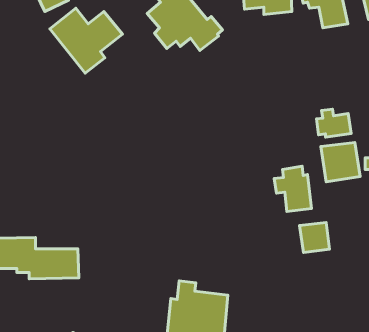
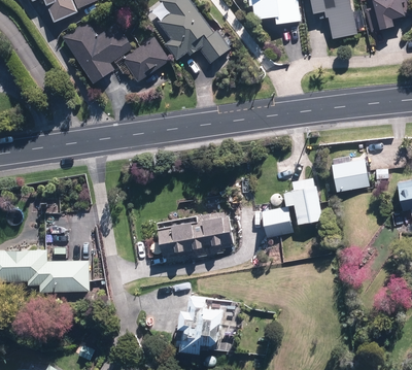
building: none -> [123,36,172,82]
building: [316,109,351,137] -> none
building: none -> [149,210,231,256]
building: [299,222,329,252] -> [261,206,290,236]

